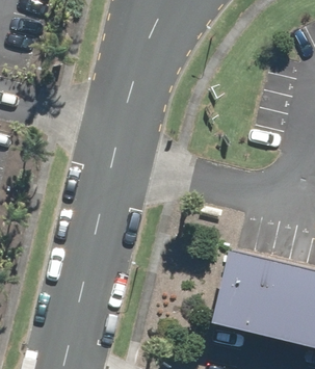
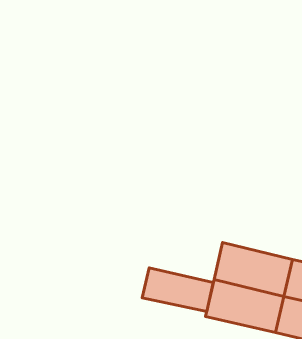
building: none -> [142,268,213,312]

